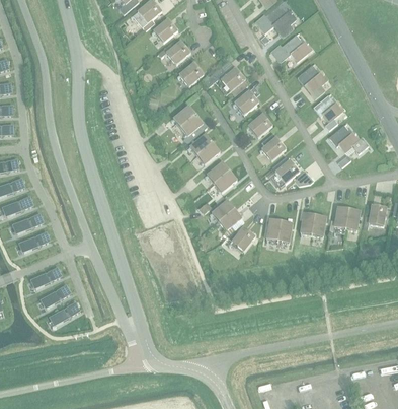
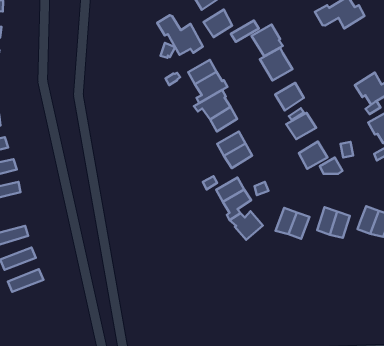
building: [296,65,327,98] -> none
building: none -> [157,15,203,55]

